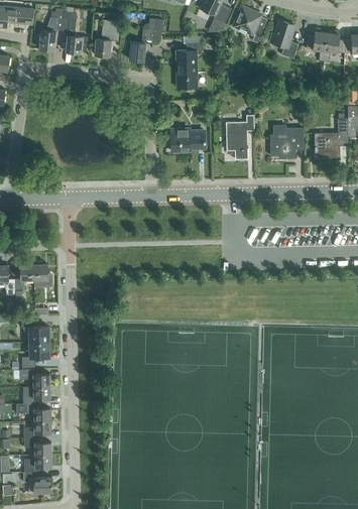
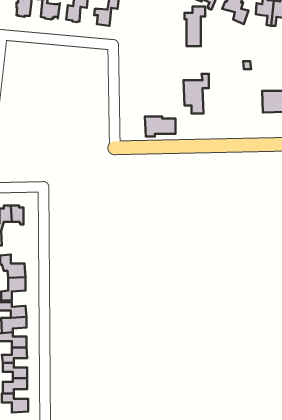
building: [177,43,201,88] -> [185,7,205,46]
building: [270,125,304,158] -> none
building: [170,129,205,151] -> [145,117,176,136]

